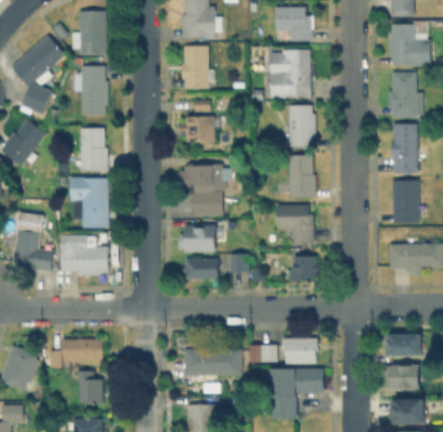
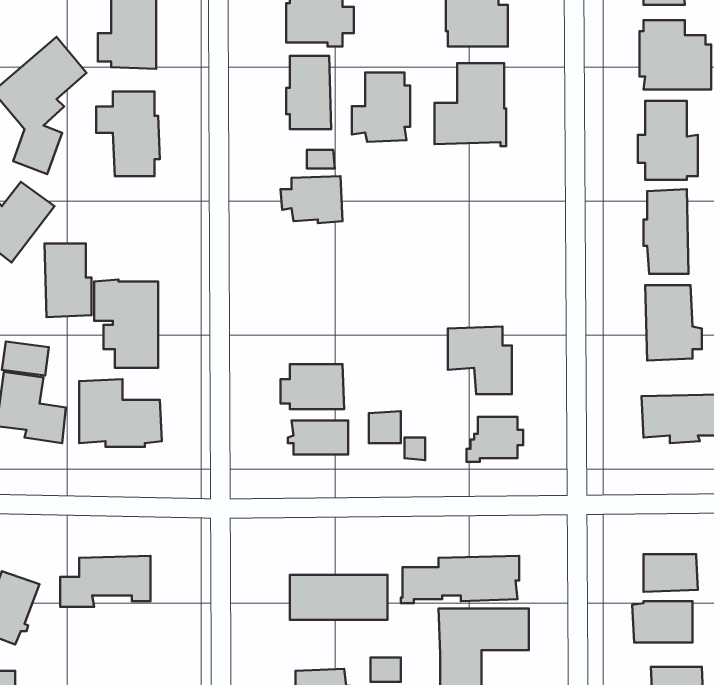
building: [281,106,315,146] -> [352,72,410,142]
building: [80,128,108,170] -> [45,244,92,317]
building: [289,155,317,197] -> none
building: [181,163,228,213] -> none
building: [77,370,103,403] -> none

